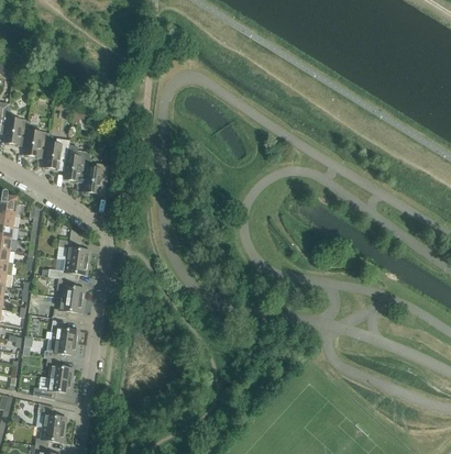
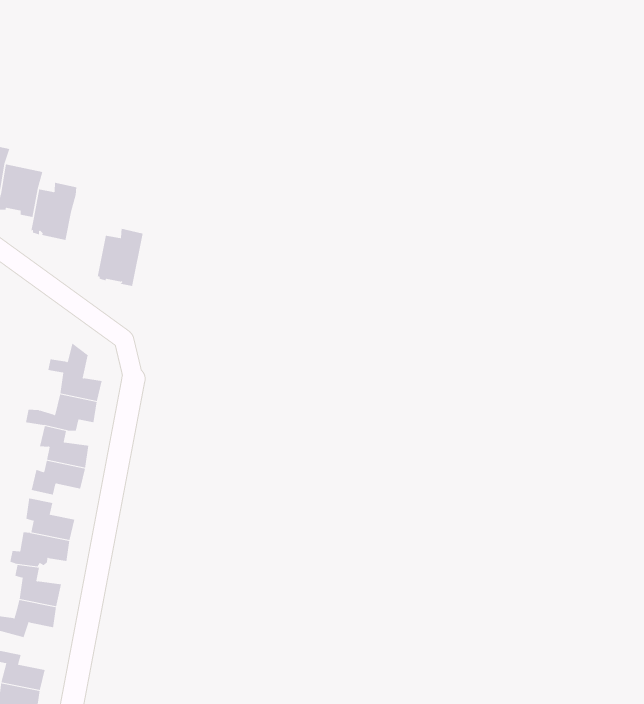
building: [63,144,88,182] -> none

